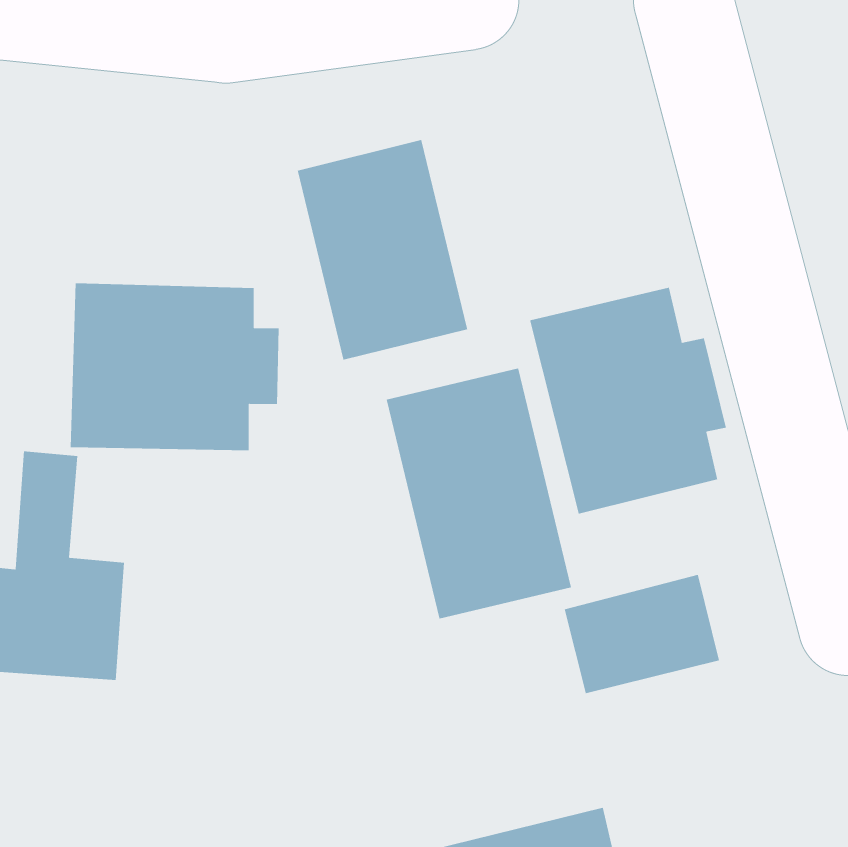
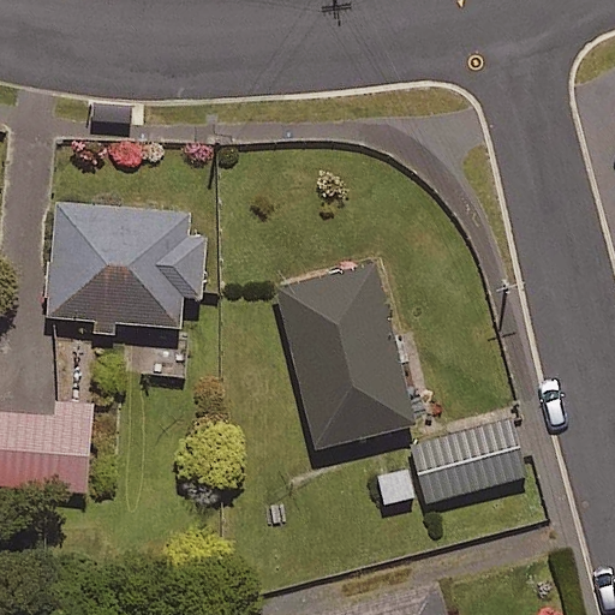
building: [297,139,468,360] -> none
building: [529,287,727,515] -> none

